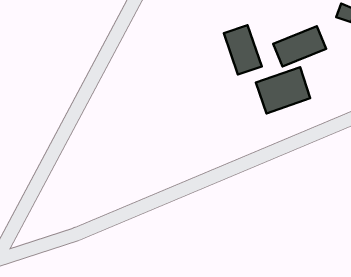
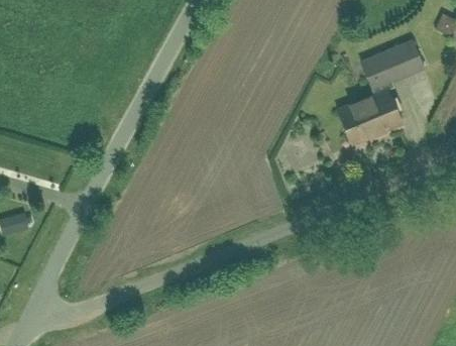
building: [224,25,262,74] -> none

